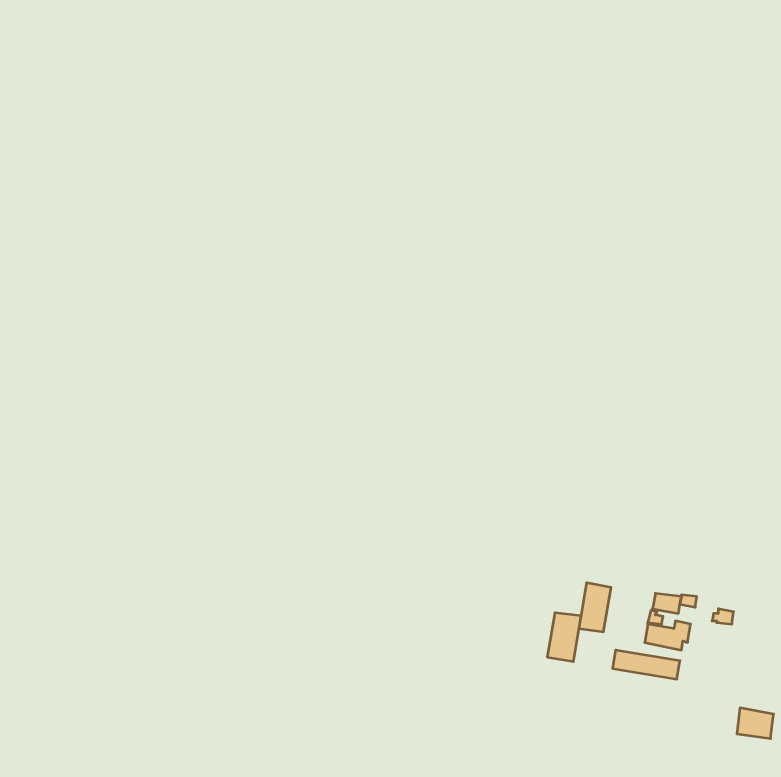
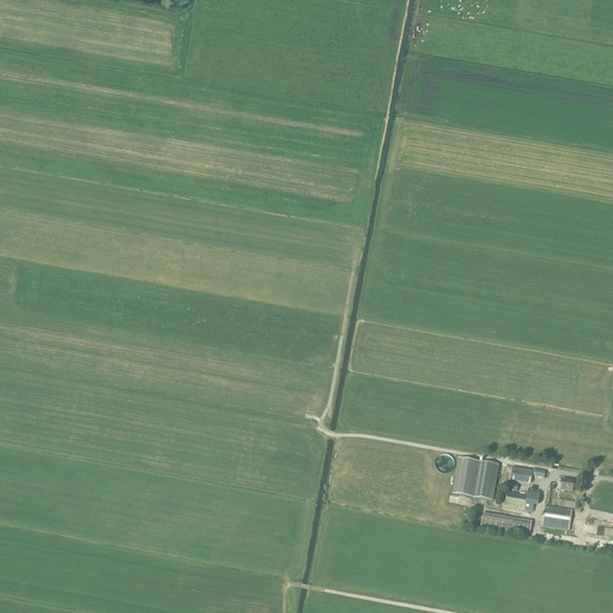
building: [547,613,581,662] -> [473,460,499,498]
building: [737,708,774,739] -> [544,503,572,527]

